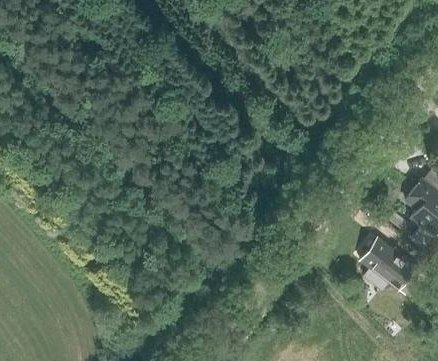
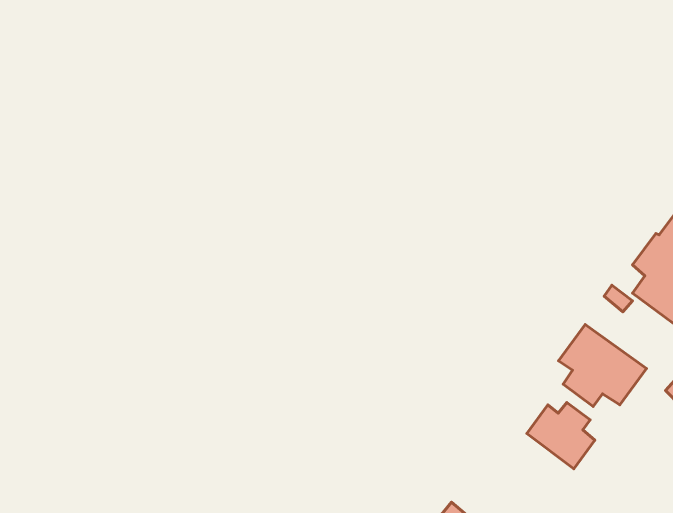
building: none -> [527,403,595,469]

